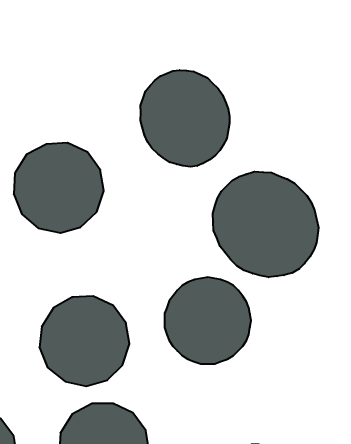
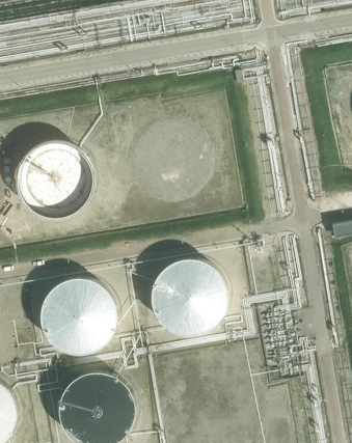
building: [140,70,230,167] -> none
building: [213,172,318,277] -> none

